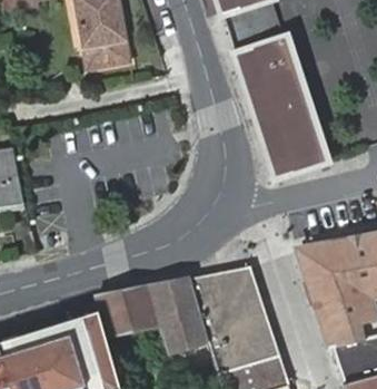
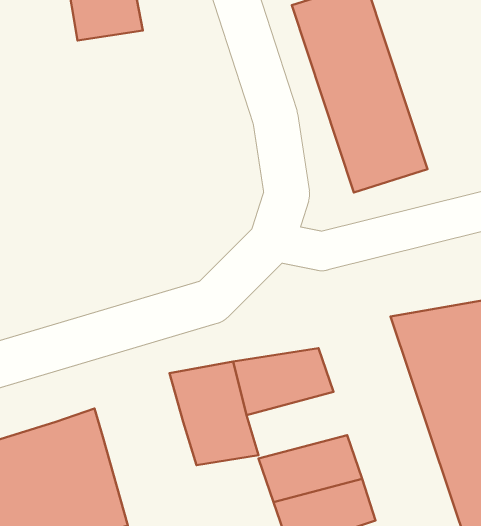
building: [97,286,159,329] -> none
building: [201,299,268,343] -> none

